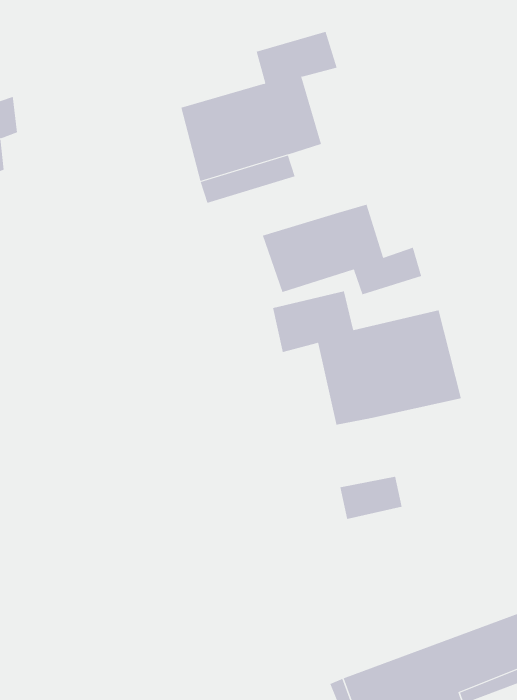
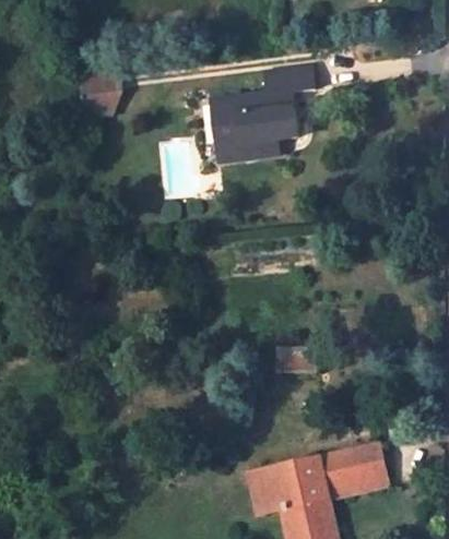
building: [262,204,422,295] -> none
building: [273,291,462,426] -> none

